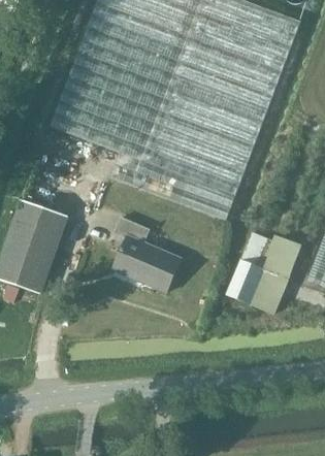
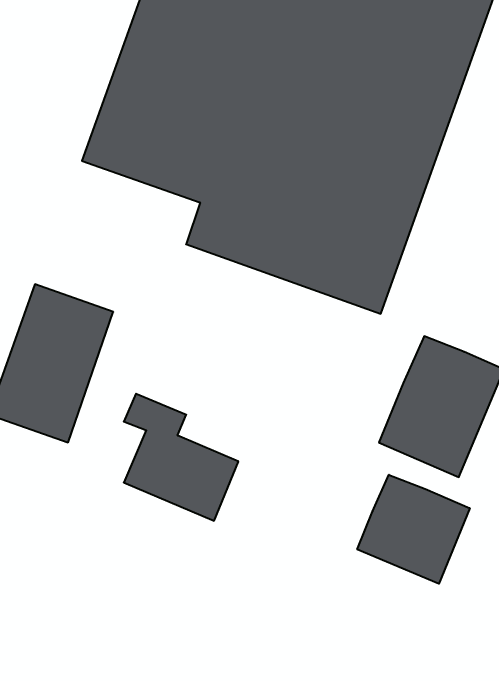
building: [113,217,182,292] -> [124,394,238,521]
building: none -> [357,475,470,584]

